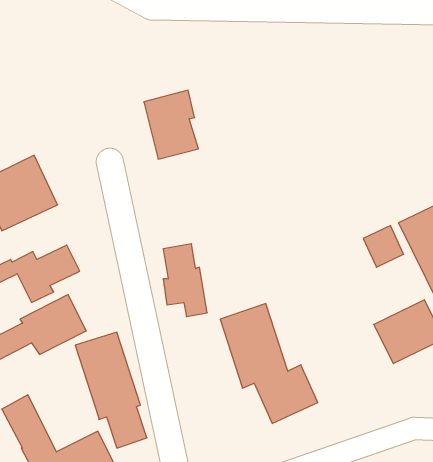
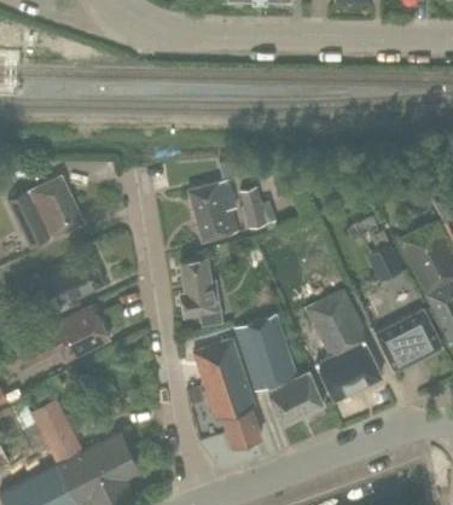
building: [144,90,198,159] -> [190,178,240,242]
building: none -> [240,187,278,231]
building: none -> [307,277,382,401]
building: [75,332,147,448] -> [194,341,261,448]

